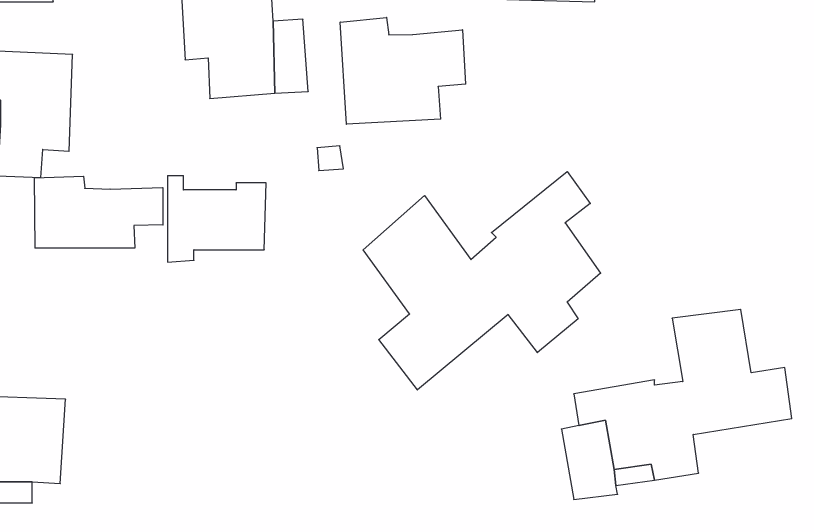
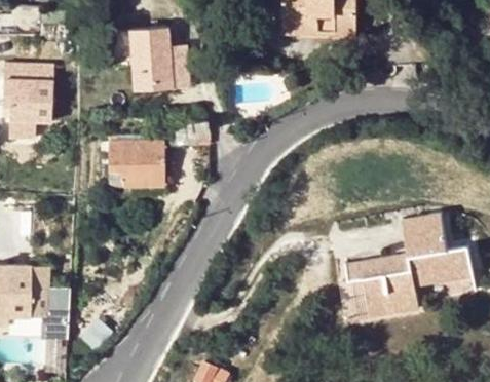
building: [340,17,466,124] -> none
building: [363,172,601,390] -> none
building: [35,176,163,248] -> none

